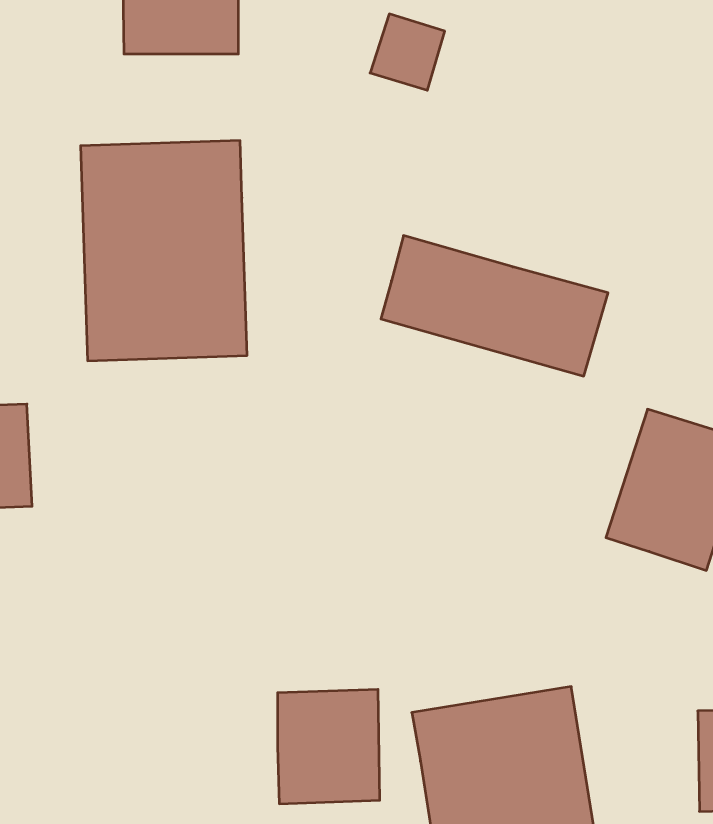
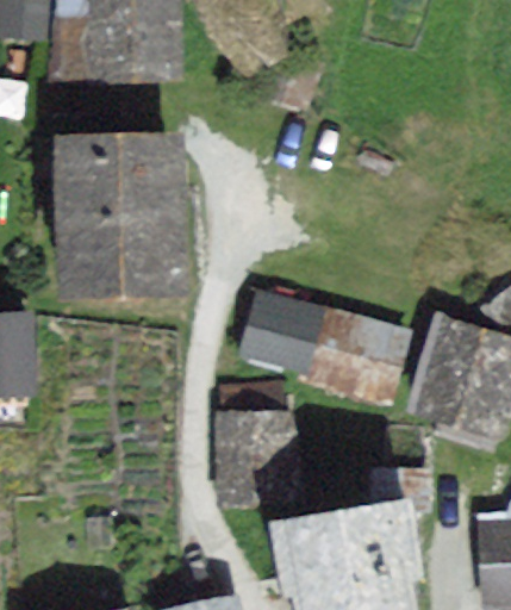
building: [381,236,608,376] -> [239,294,395,391]
building: [278,689,380,804] -> [219,416,289,494]

